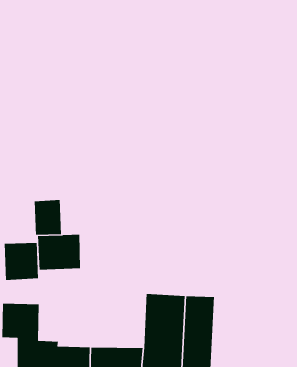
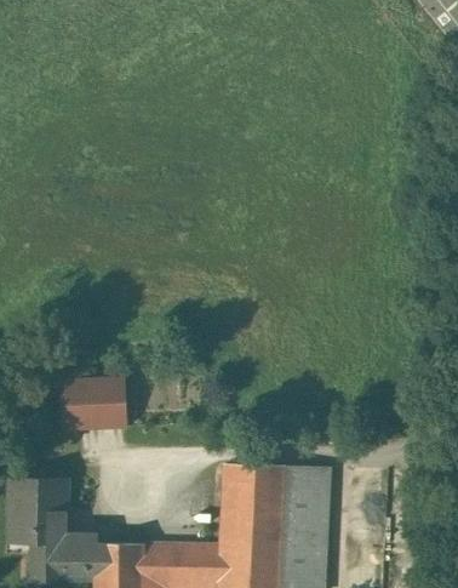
building: [34,199,62,235] -> none
building: [4,242,39,281] -> none

